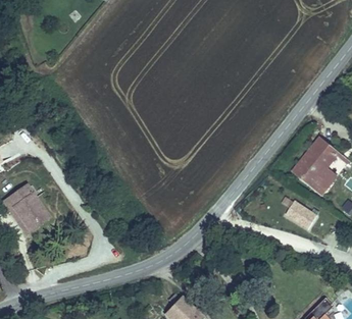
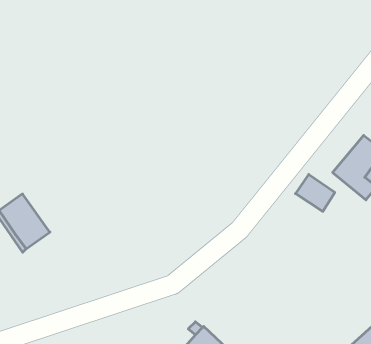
building: [285,201,318,232] -> [295,174,335,211]

